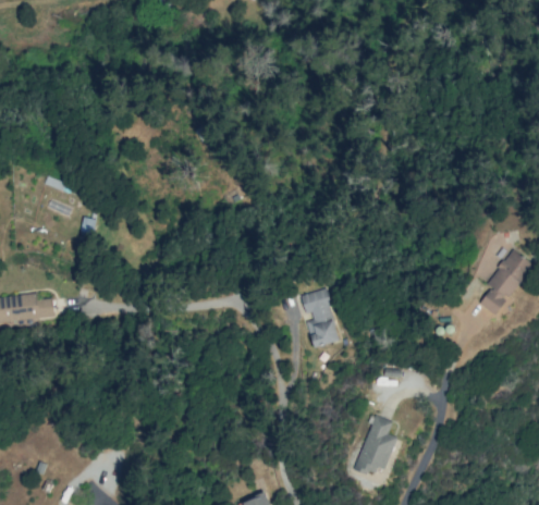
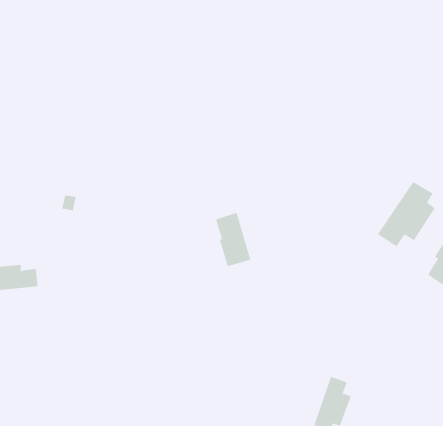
building: none -> [377,181,435,247]
building: [301,288,340,348] -> [215,212,251,267]

